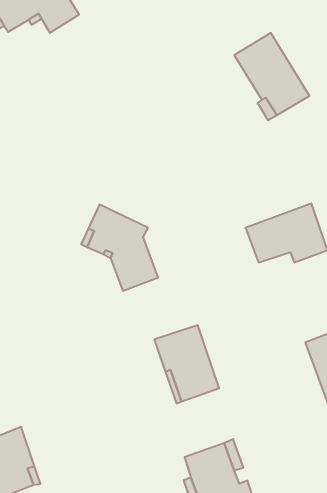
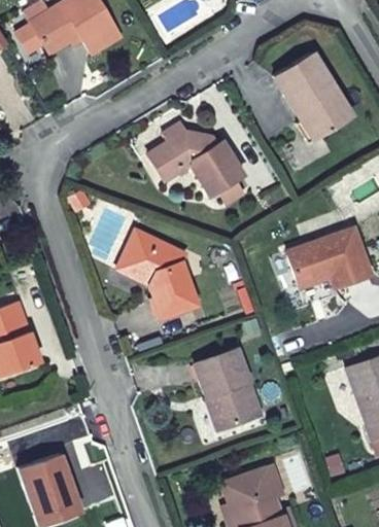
building: none -> [148,125,243,197]

